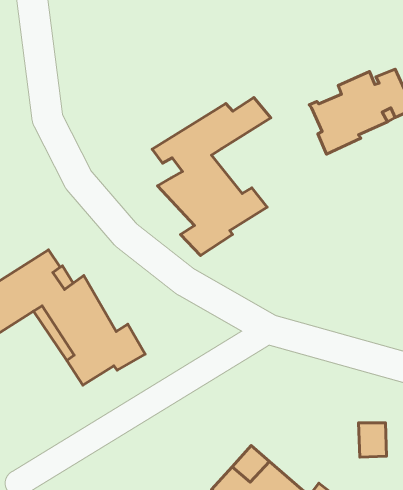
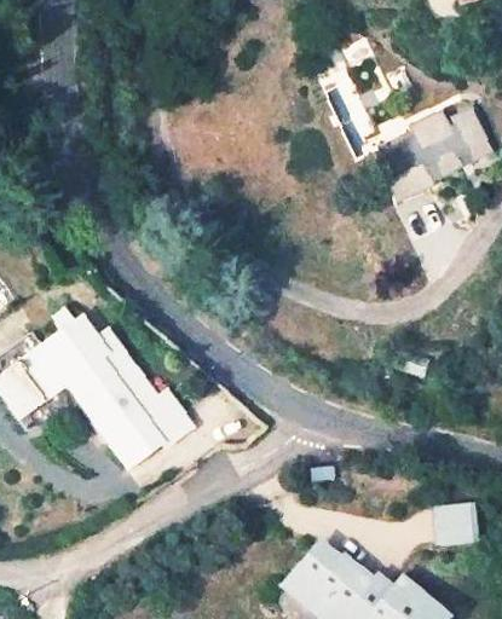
building: [152,97,271,256] -> none

